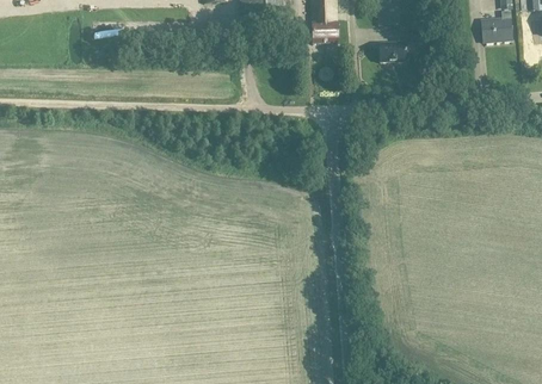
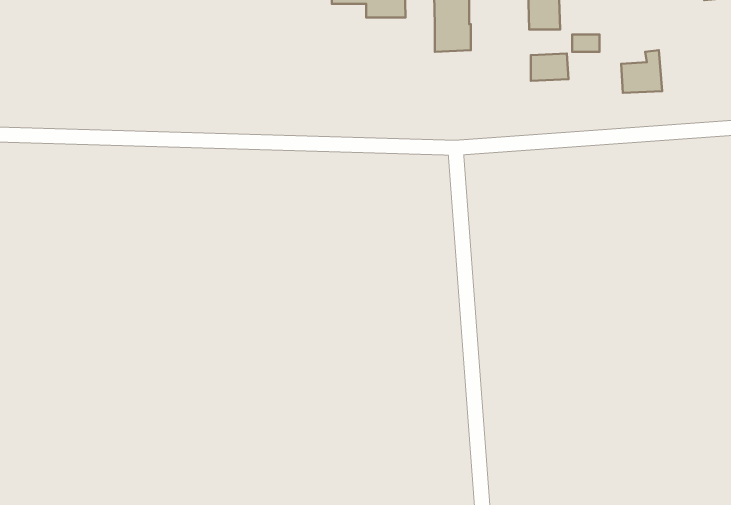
building: [482,11,511,41] -> [621,50,662,93]

